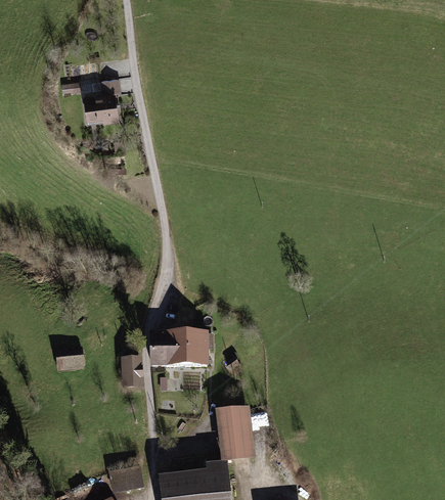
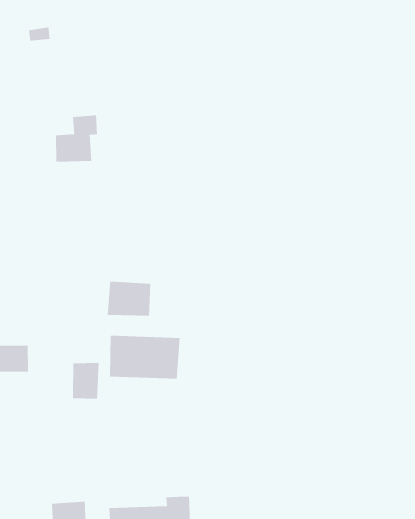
building: [87,80,123,122] -> [55,115,98,162]
building: none -> [107,281,151,316]
building: [215,408,256,461] -> none

